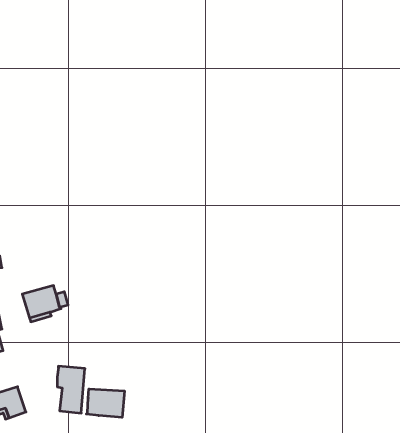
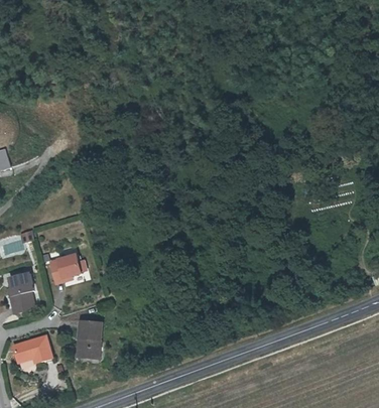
building: [86,389,124,417] -> none

